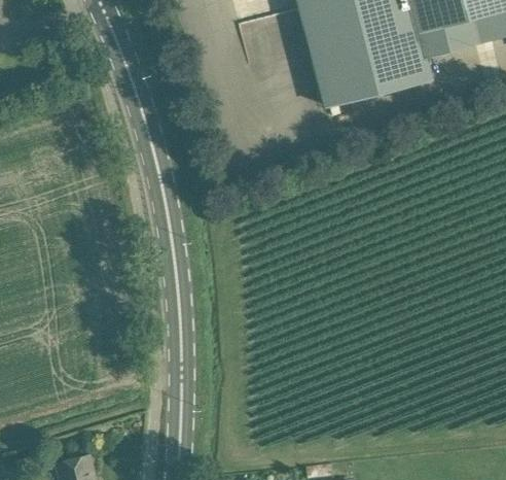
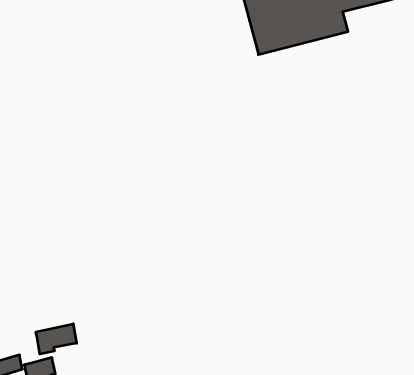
building: none -> [36,324,77,354]

